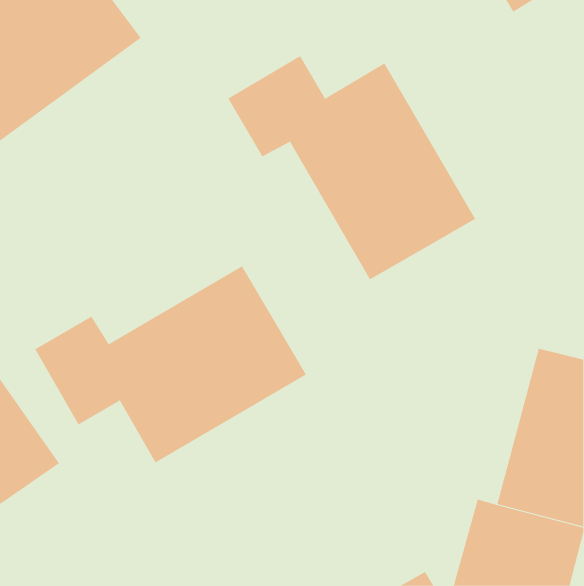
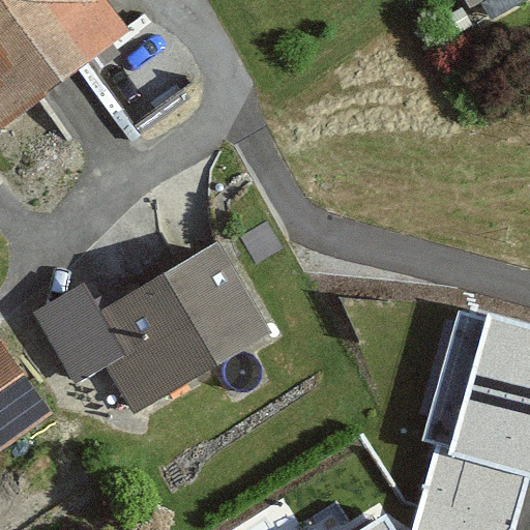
building: [228,55,476,280] -> none

